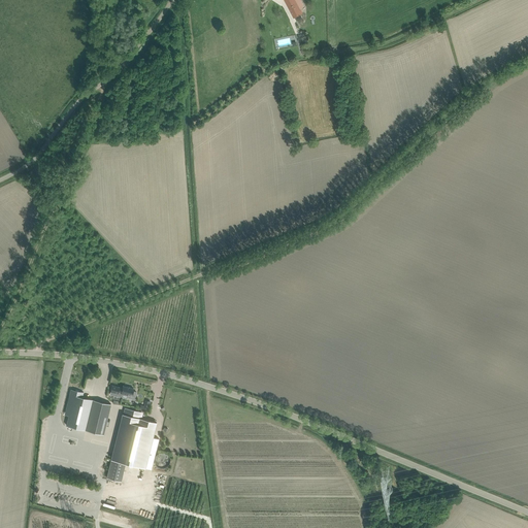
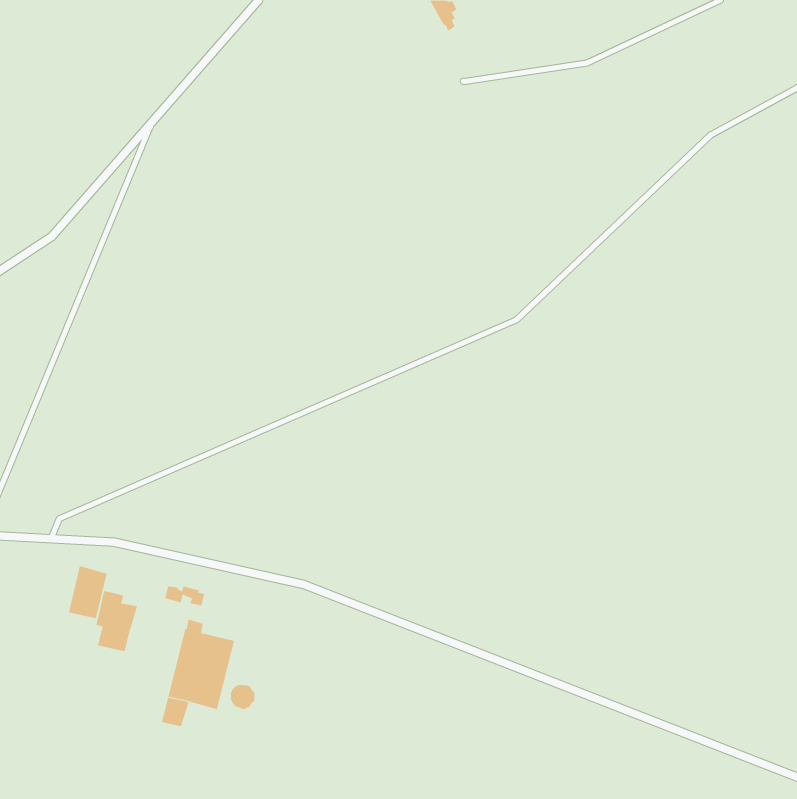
building: [84,400,109,435] -> [68,566,107,619]

